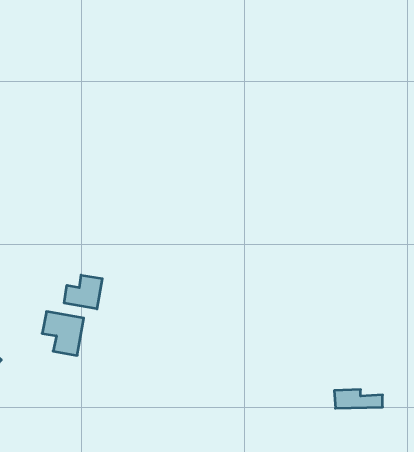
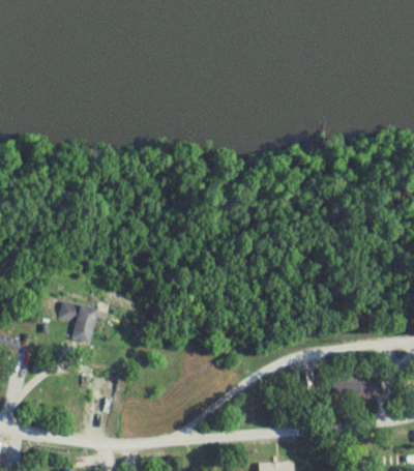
building: [64,275,102,309] -> none

